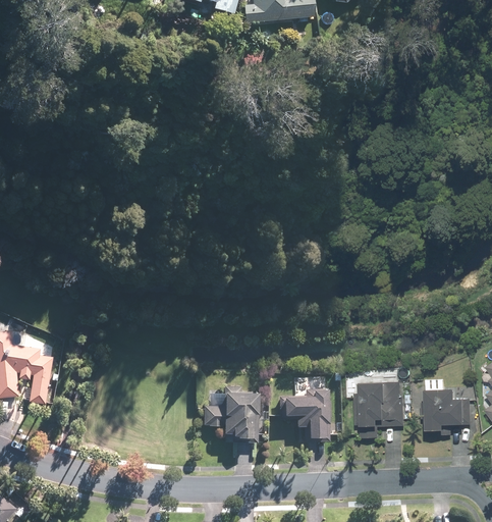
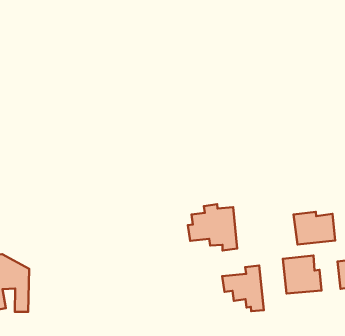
building: none -> [293,212,335,244]
building: [202,385,260,442] -> [188,204,237,251]

